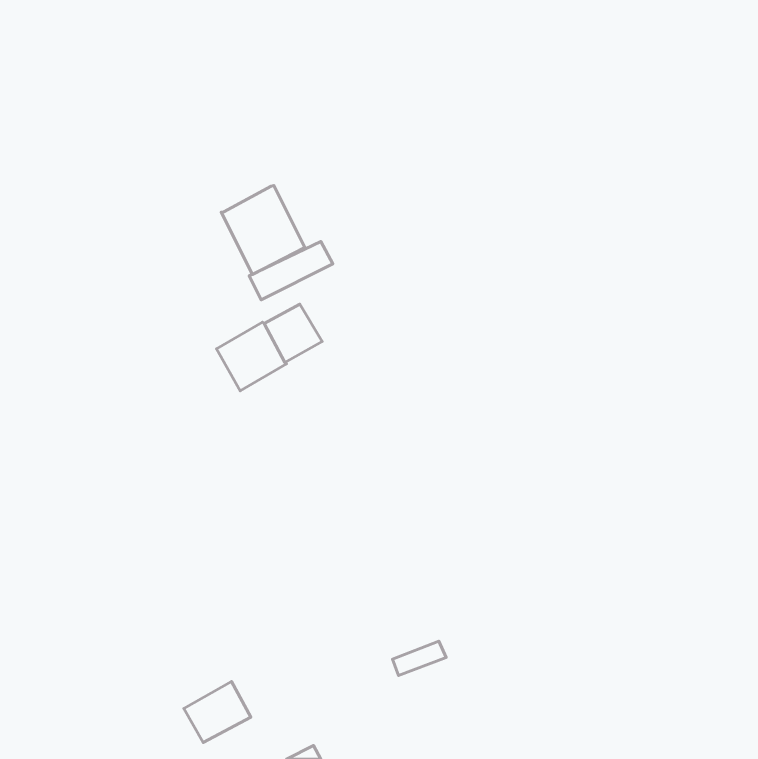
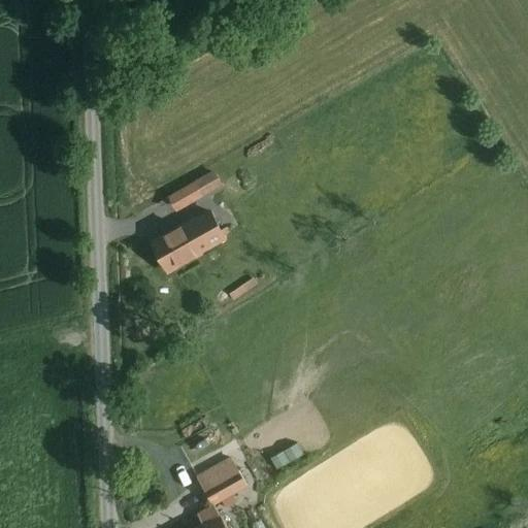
building: [221,186,305,274] -> none
building: [184,682,251,743] -> [197,461,243,503]

